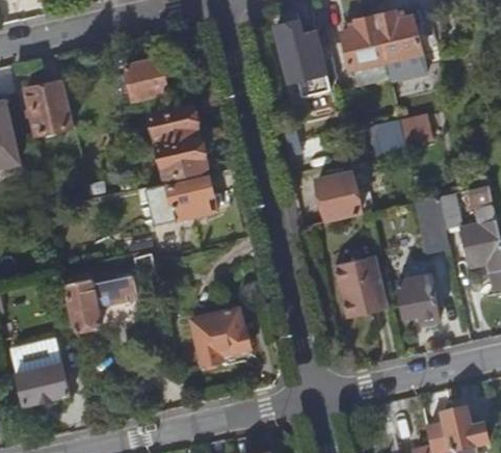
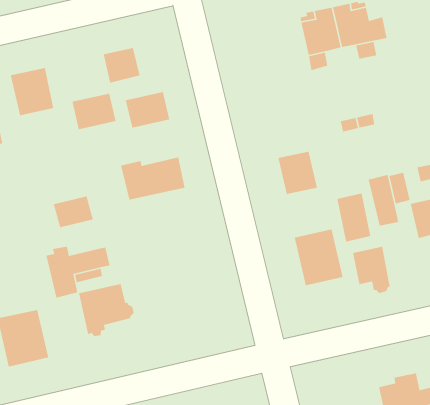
building: [275,21,331,97] -> none
building: [158,137,207,178] -> [72,93,117,130]
building: none -> [336,192,371,243]
building: none -> [53,195,94,228]
building: [191,309,253,367] -> [78,283,135,337]

